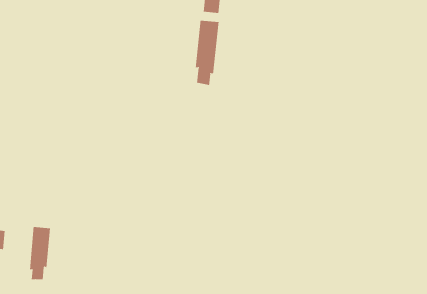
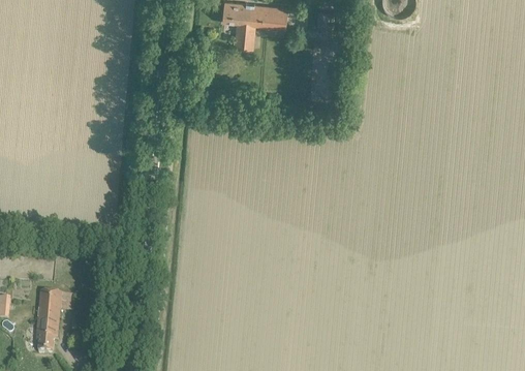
building: [195,20,219,86] -> none

